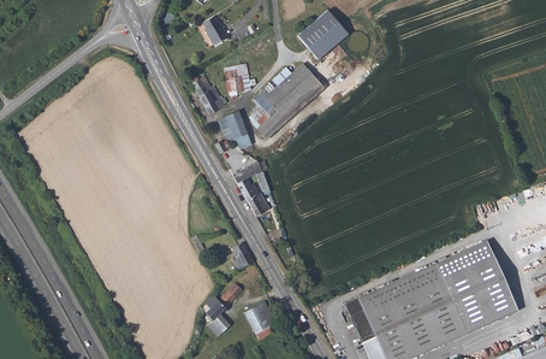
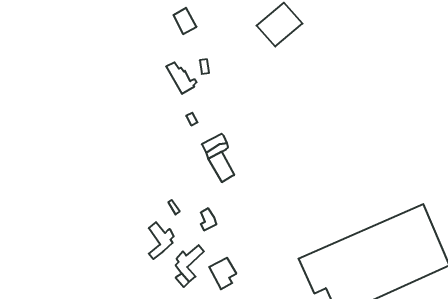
building: [250,63,326,137] -> none
building: [220,110,253,148] -> none
building: none -> [149,222,174,259]

